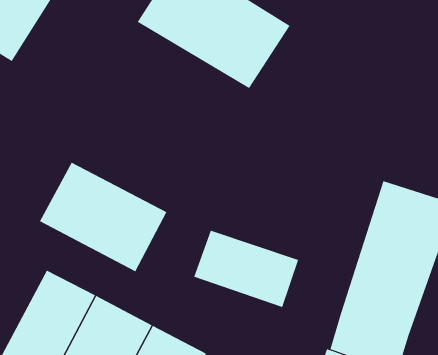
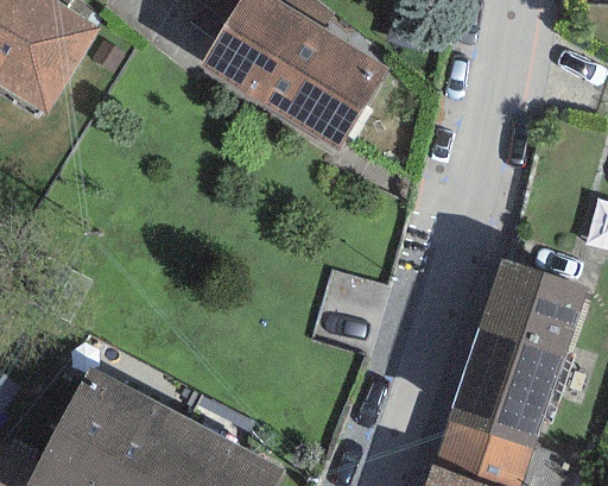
building: [39,162,167,272] -> none
building: [194,230,299,308] -> none

